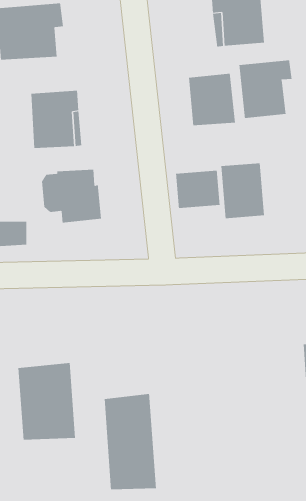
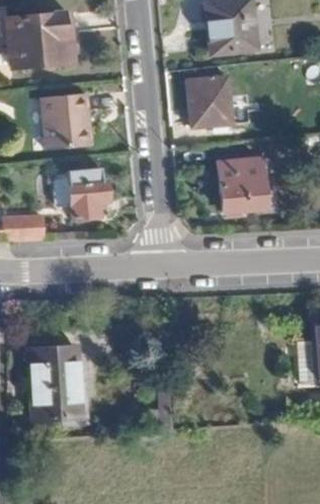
building: [239,59,292,119] -> none
building: [176,170,220,209] -> none
building: [104,393,156,490] -> none

